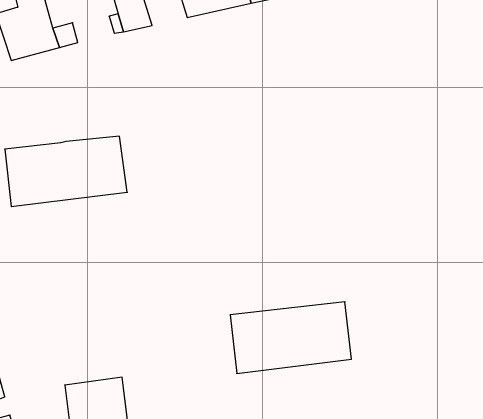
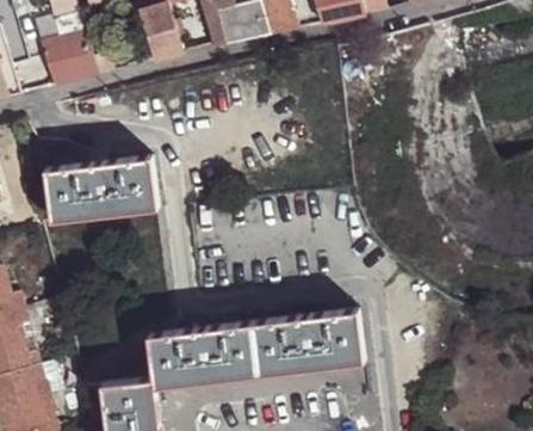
building: none -> [148,320,258,387]

